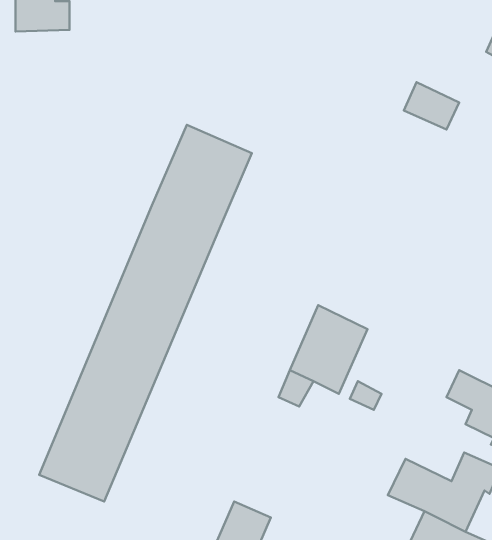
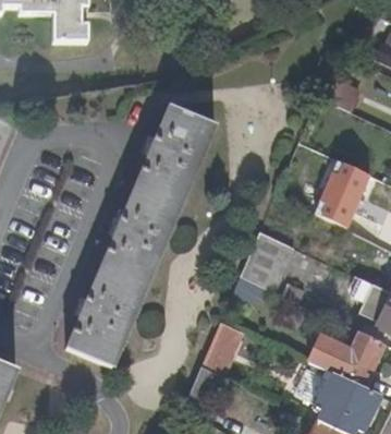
building: none -> [313,158,369,227]
building: none -> [203,320,247,375]

